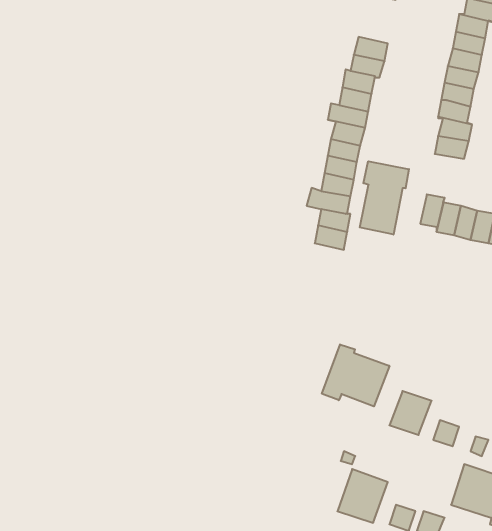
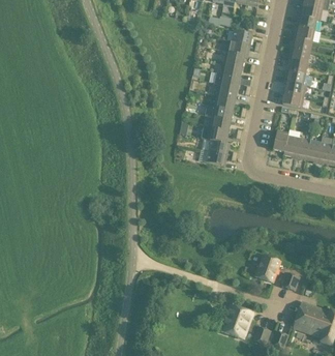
building: [360,161,409,235] -> none
building: [322,344,389,406] -> none

